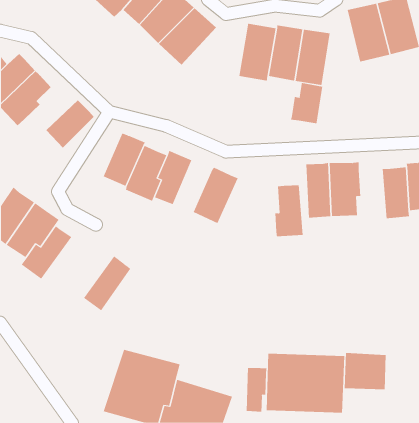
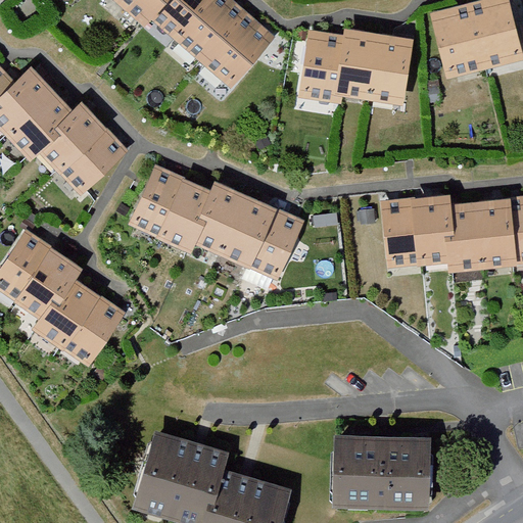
building: none -> [36,98,101,167]
building: [290,82,323,124] -> none
building: none -> [219,197,267,264]
building: [275,185,304,237] -> [445,207,481,272]
building: [83,255,131,311] -> [56,292,115,361]
building: [344,352,386,390] -> none
building: [246,367,267,412] -> none

